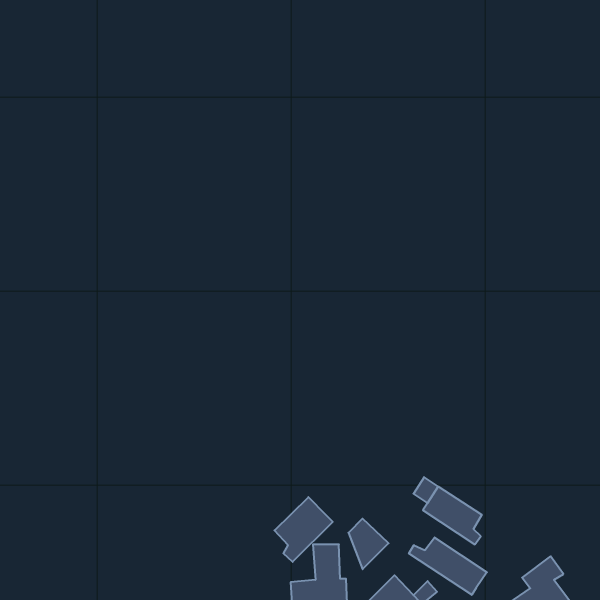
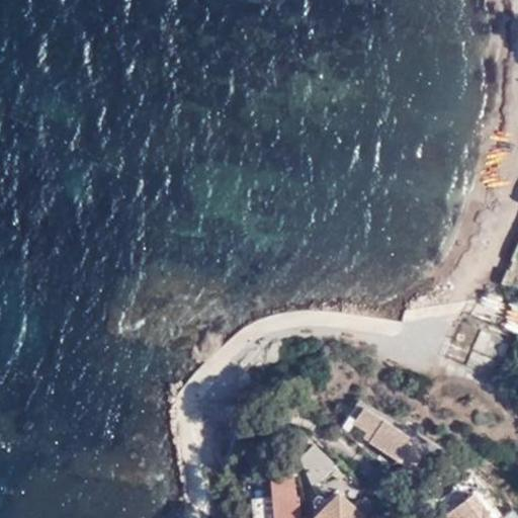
building: [274,497,333,562] -> none
building: [409,537,487,595] -> none

